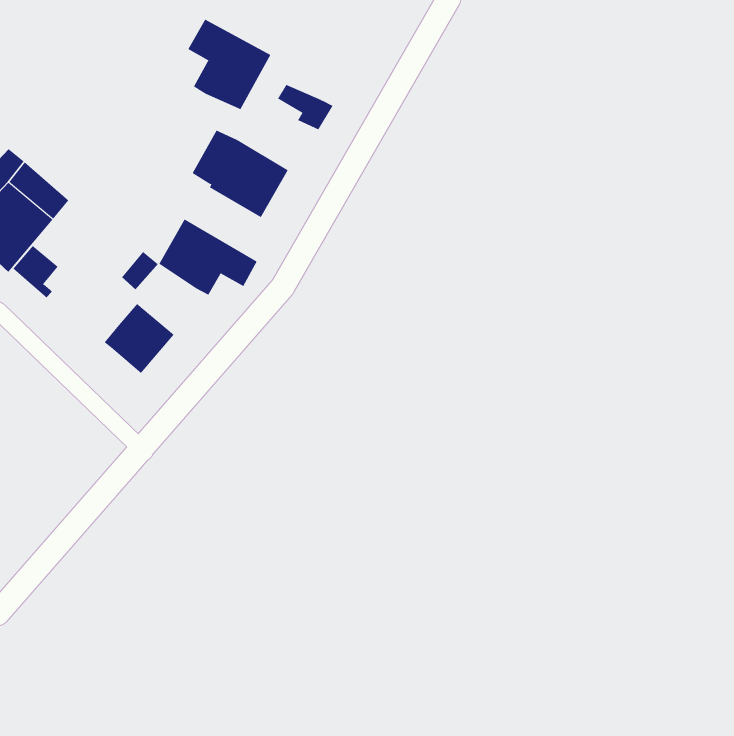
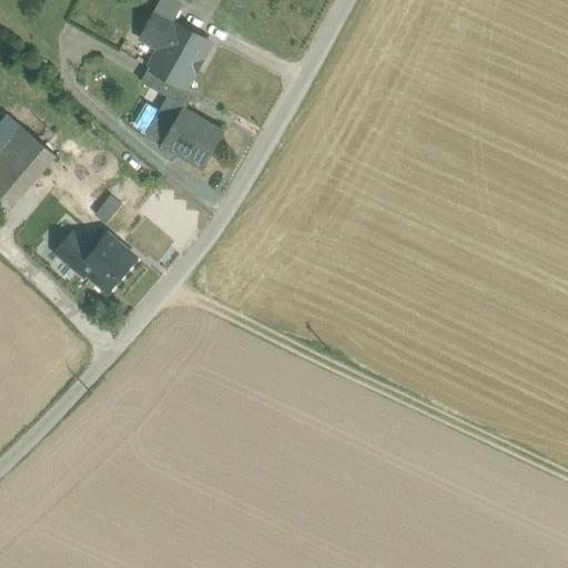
building: [277,84,333,130] -> [151,72,194,108]
building: [159,219,258,296] -> none
building: [12,245,58,299] -> [55,233,91,274]

